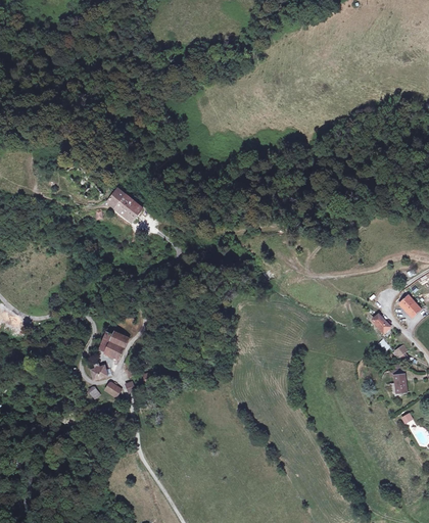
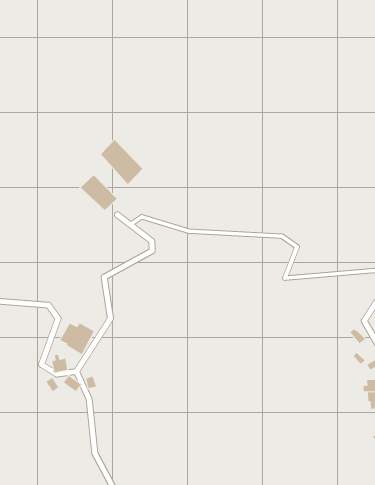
building: none -> [100,139,143,185]

